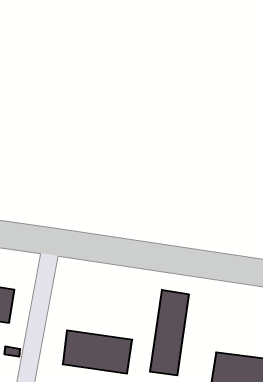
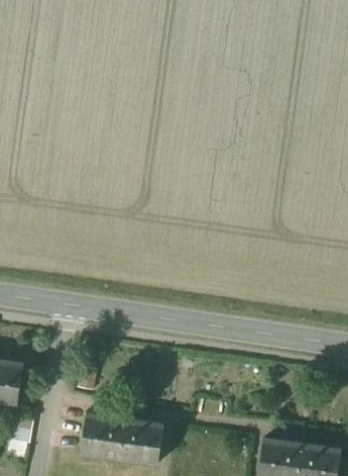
building: [150,290,189,375] -> none

